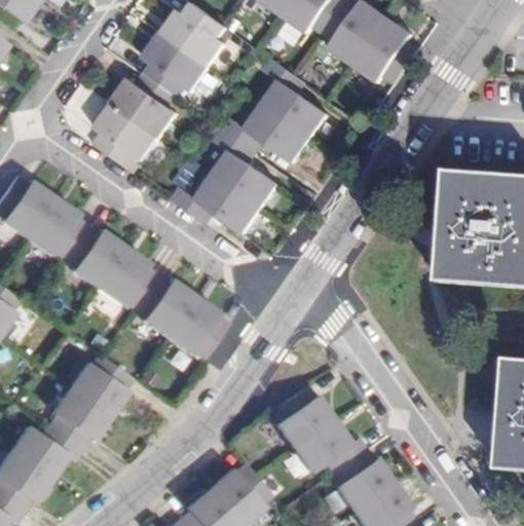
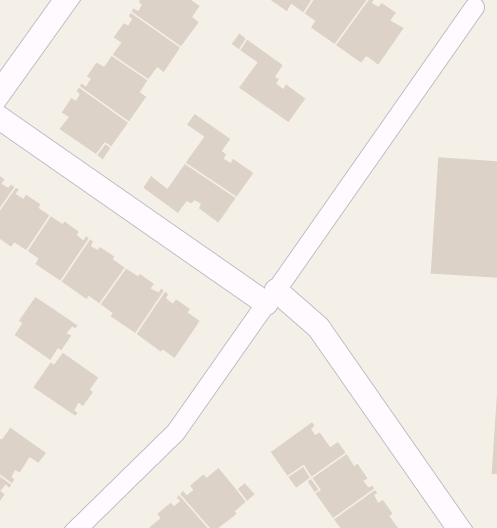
building: [221,104,310,162] -> none
building: [268,384,332,447] -> none
building: [47,386,109,448] -> [13,296,79,361]

